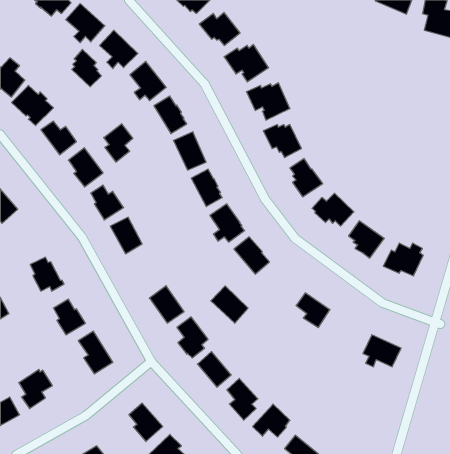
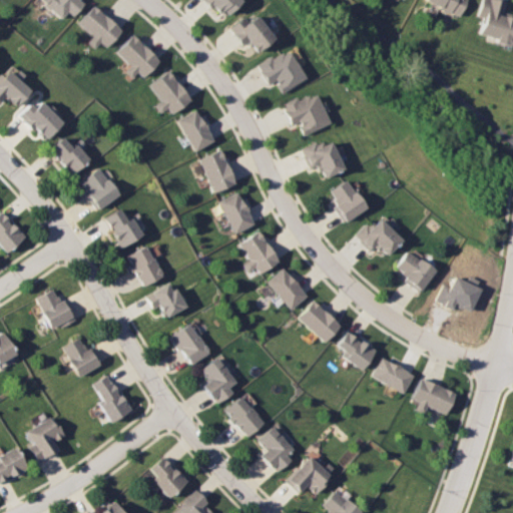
building: [72,49,101,87] -> none
building: [104,124,133,162] -> none
building: none -> [148,284,188,319]
building: [211,286,248,323] -> [300,301,342,343]
building: none -> [373,357,415,394]

